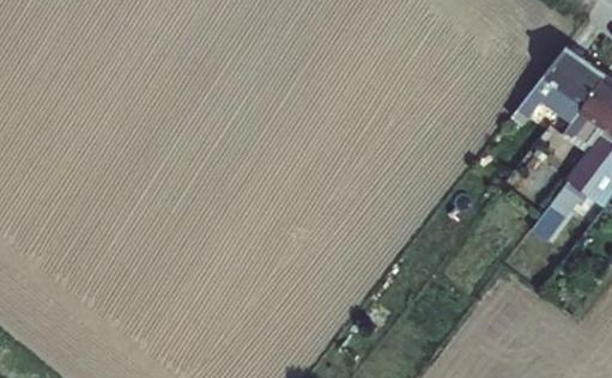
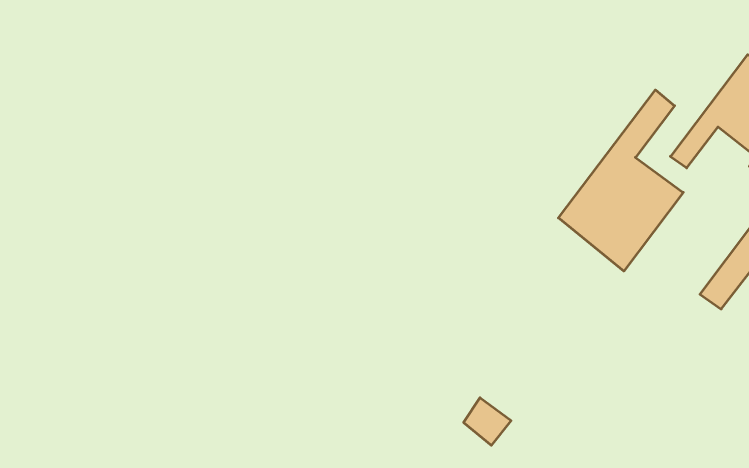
building: none -> [558,90,683,271]

